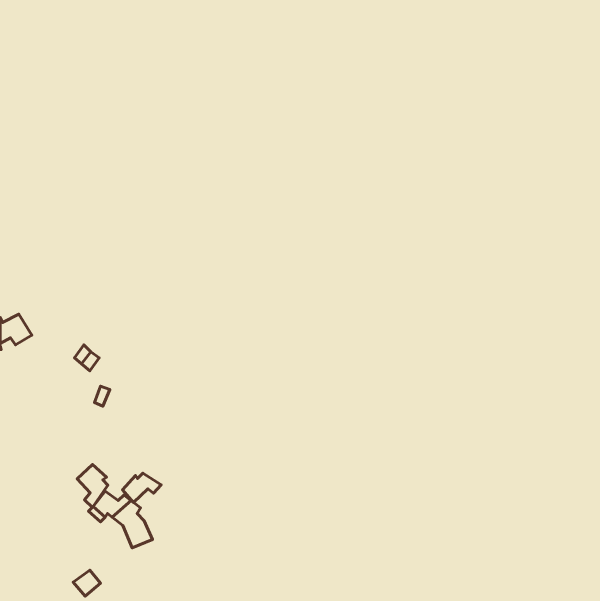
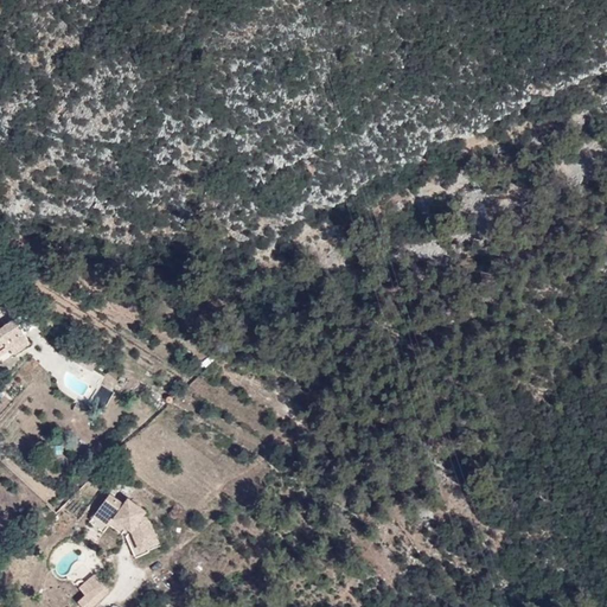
building: [77,464,108,507] -> none
building: [122,473,161,502] -> none

